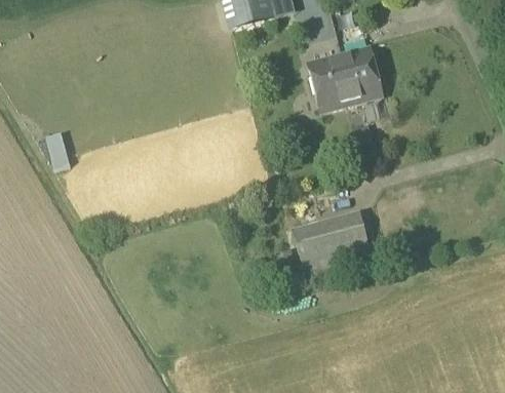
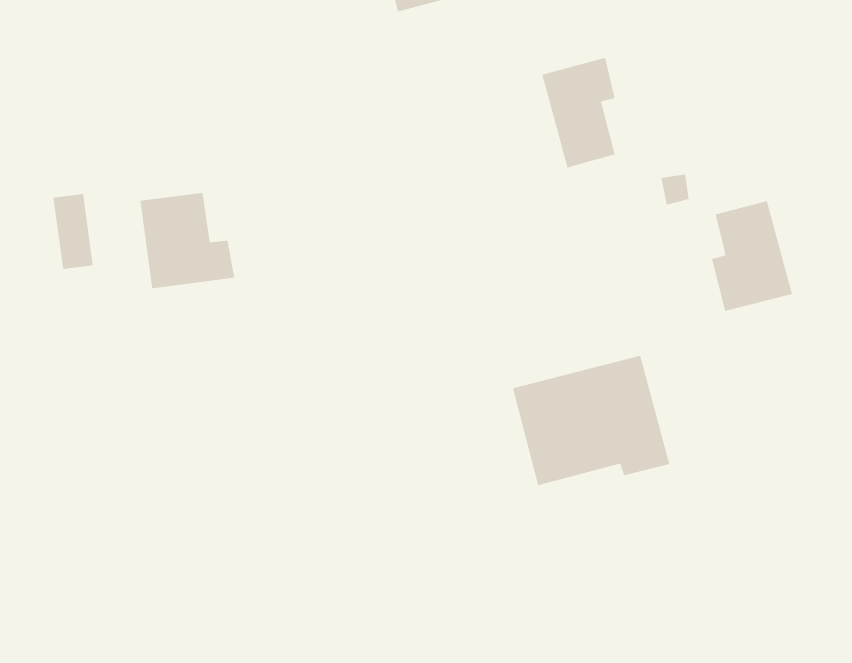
building: [340,45,383,104] -> [711,201,793,312]
building: none -> [140,192,235,289]

